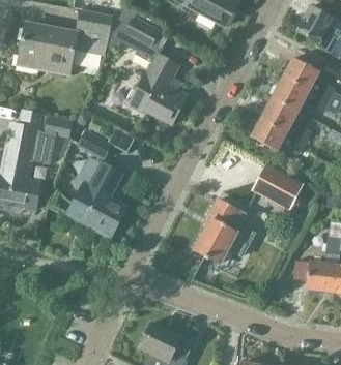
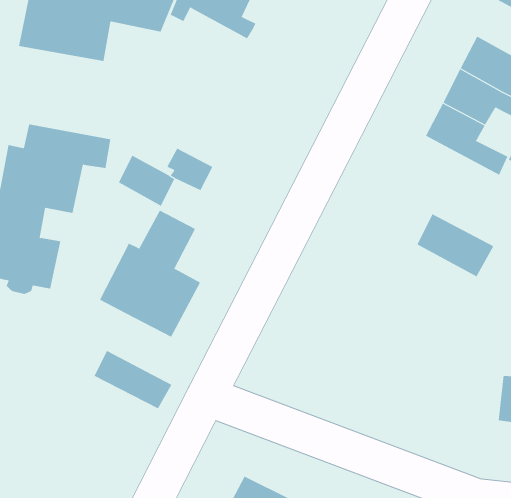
building: [124,54,187,123] -> none
building: [251,117,306,152] -> none
building: [194,199,254,263] -> none
building: none -> [94,350,172,409]

